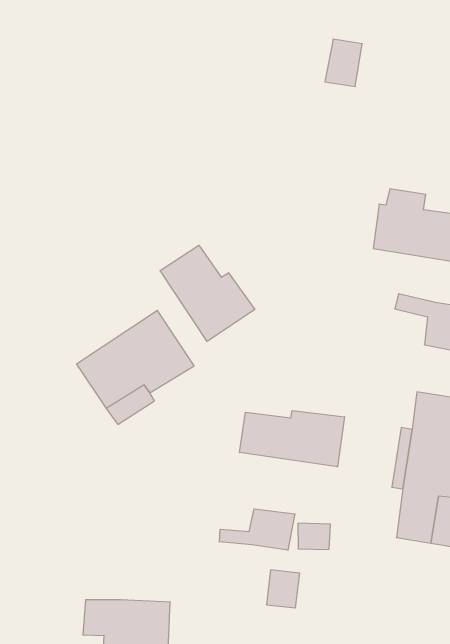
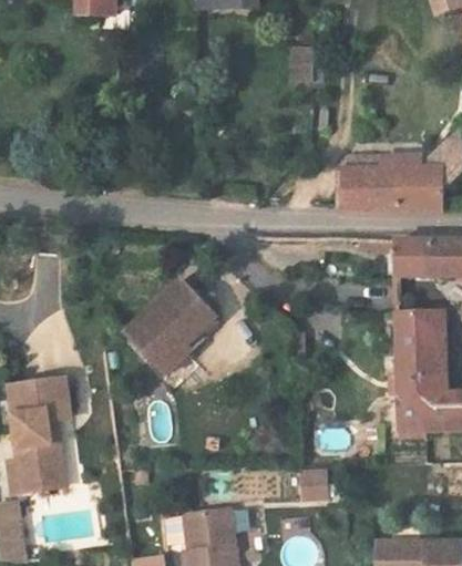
building: [160,245,255,341] -> none
building: [239,411,345,467] -> none
building: [219,509,295,550] -> none

